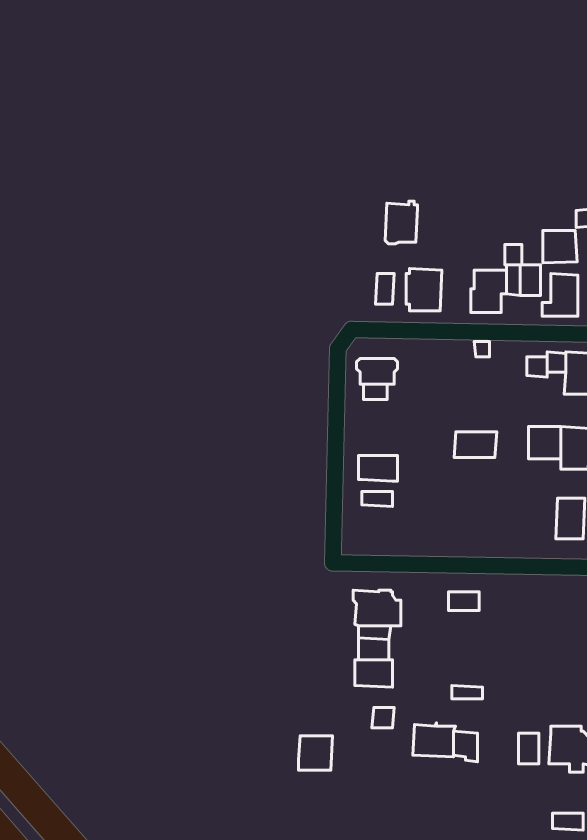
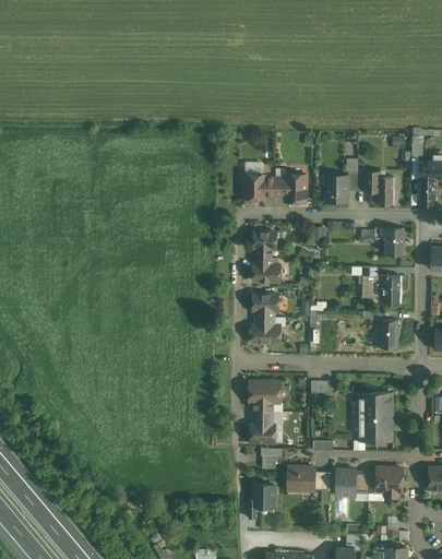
building: [385,201,417,244] -> [243,173,264,200]
building: [543,231,577,263] -> none
building: [454,432,497,457] -> [252,264,279,281]
building: none -> [251,325,279,342]
building: none -> [358,392,392,441]
building: none -> [335,469,355,496]
building: [299,736,333,770] -> [252,485,274,507]

